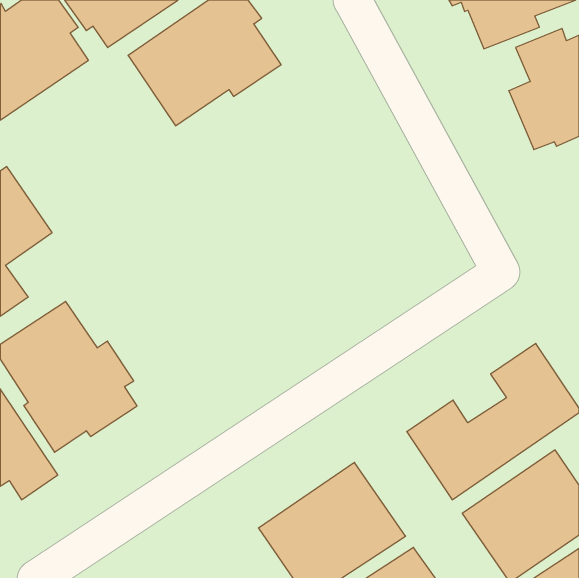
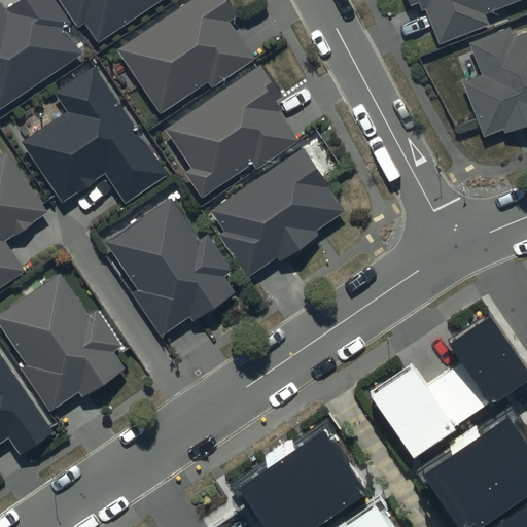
building: none -> [23,66,169,204]
building: none -> [166,66,298,200]
building: none -> [211,149,345,278]
building: none -> [105,198,236,338]

